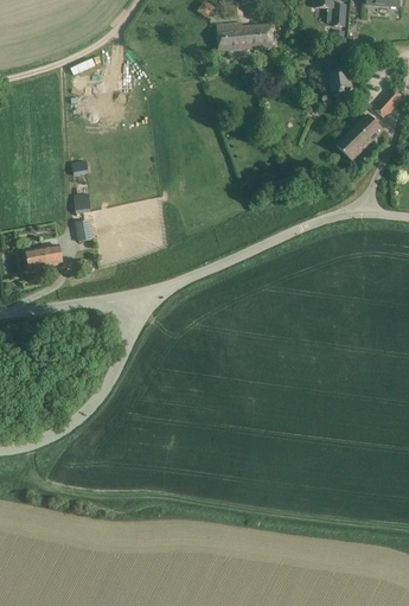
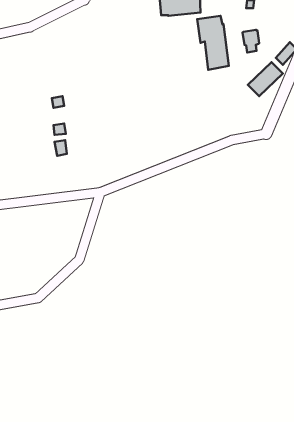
building: none -> [197,16,229,70]
building: [25,243,62,268] -> none

